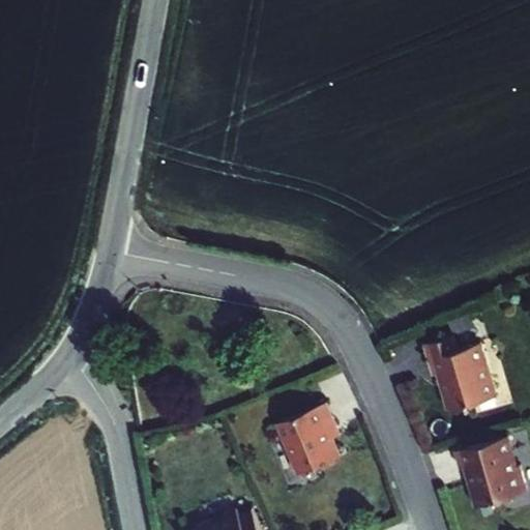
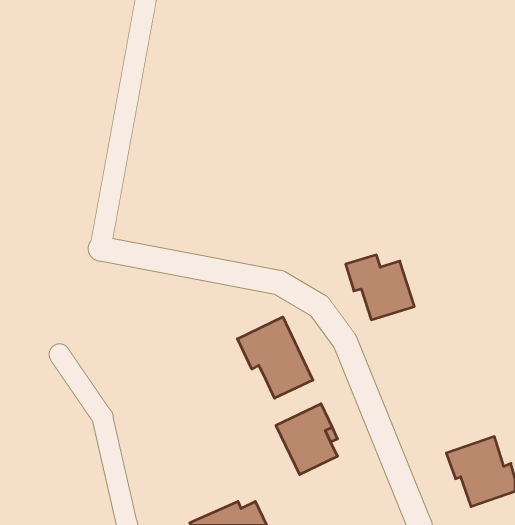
building: none -> [237,317,313,398]
building: [424,336,494,402] -> [346,255,414,320]

